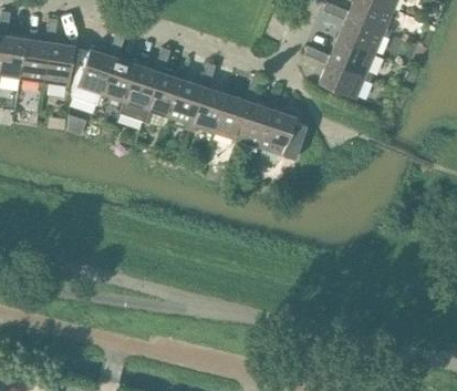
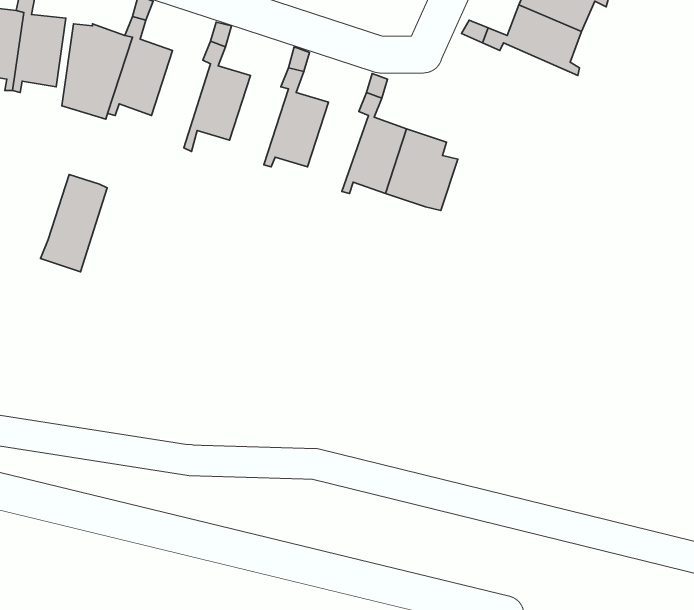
building: [319,60,372,99] -> none
building: [120,64,158,121] -> [41,175,107,272]
building: [169,79,204,131] -> none
building: [215,94,250,146] -> none

